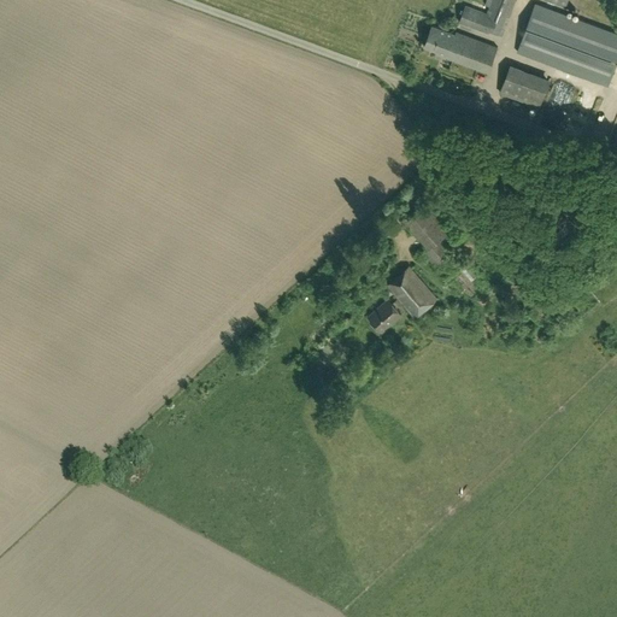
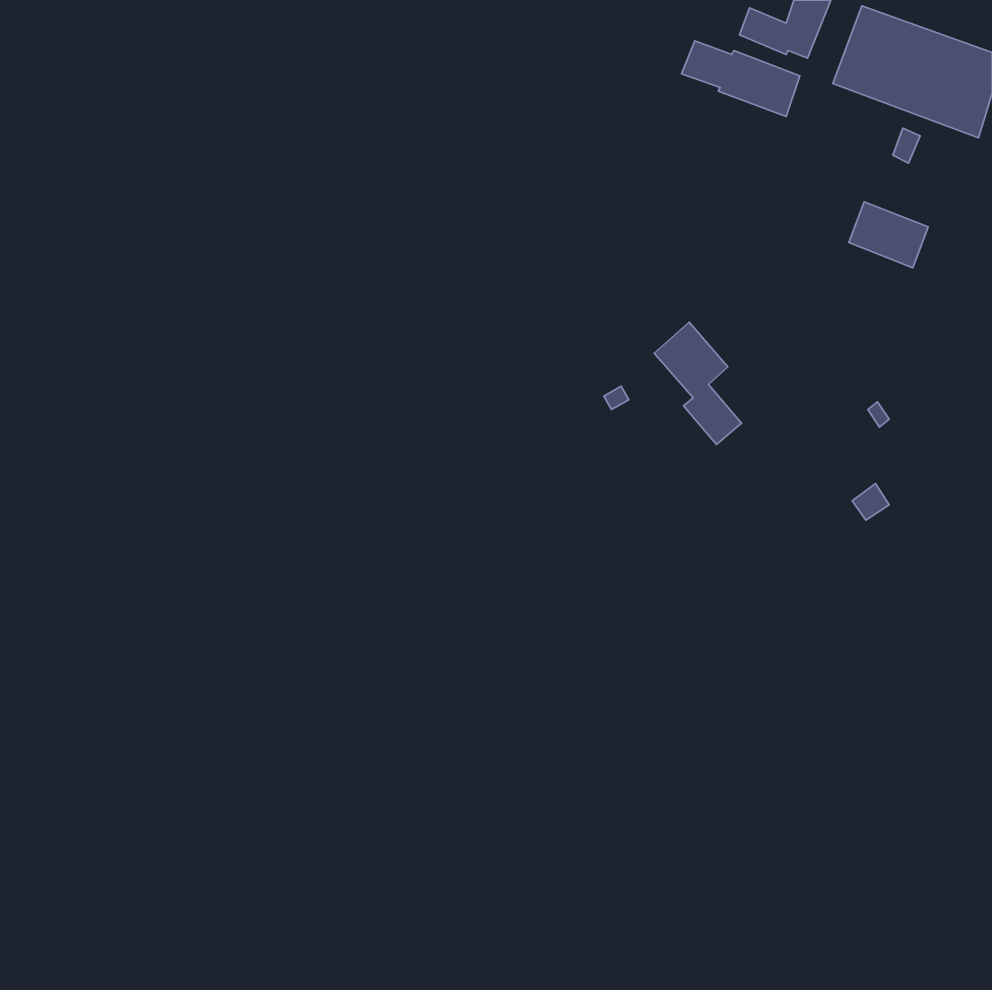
building: [499,67,548,108] -> [849,202,928,268]
building: [368,268,436,333] -> none

